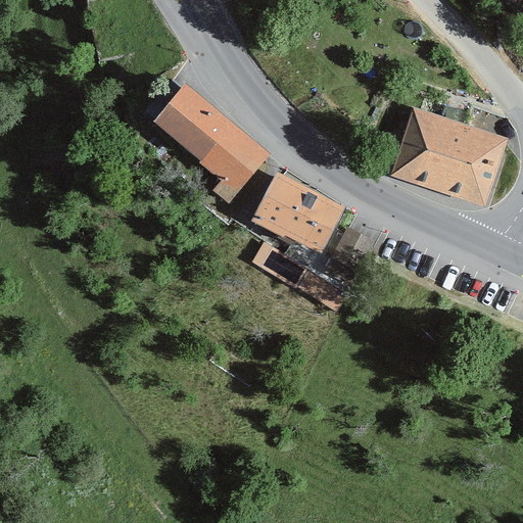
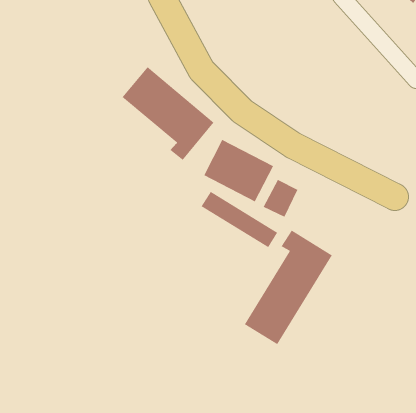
building: [394,111,505,201] -> none
building: none -> [244,229,333,345]

